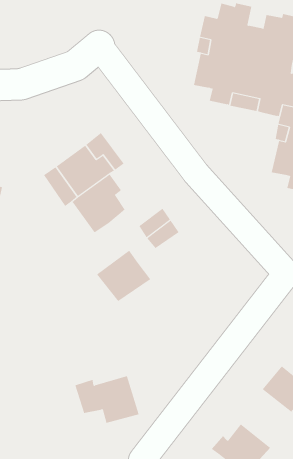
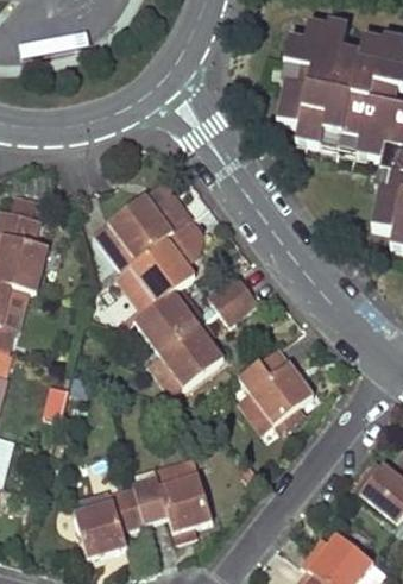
building: none -> [134,289,200,351]
building: none -> [240,347,313,420]
building: none -> [74,485,144,557]

